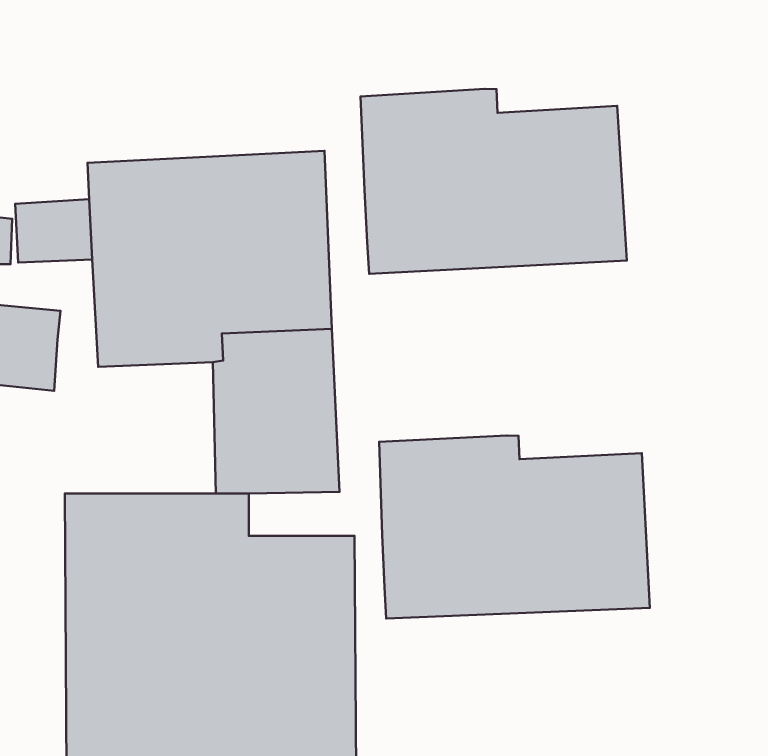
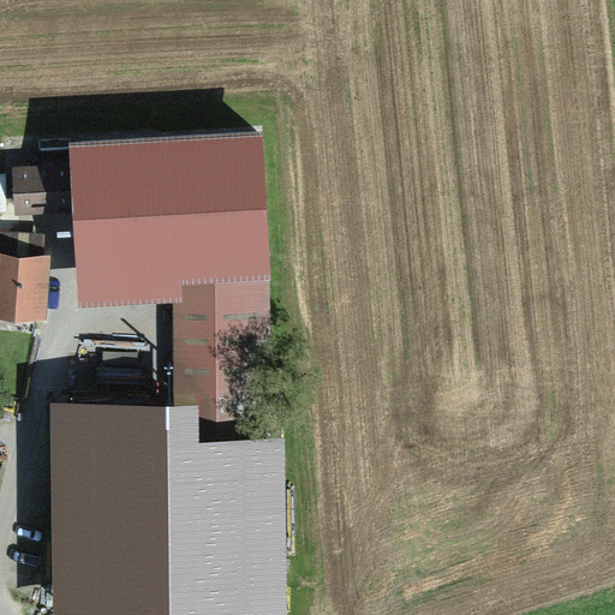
building: [360,89,627,274] -> none
building: [379,435,650,619] -> none

